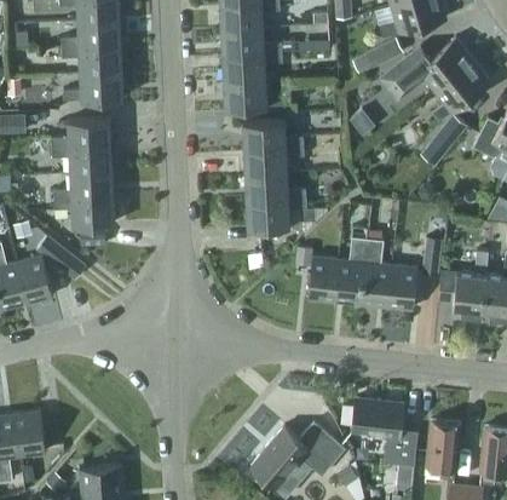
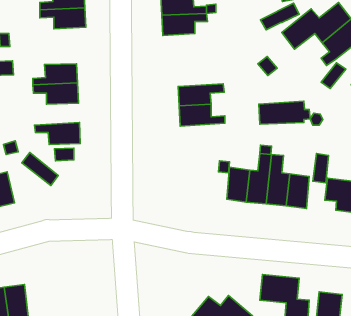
building: [63,70,122,100] -> none
building: [223,79,284,108] -> none
building: [242,120,303,149] -> none
building: [53,171,113,200] -> none
building: [246,197,313,228] -> [259,101,310,124]
building: [17,255,52,303] -> none

